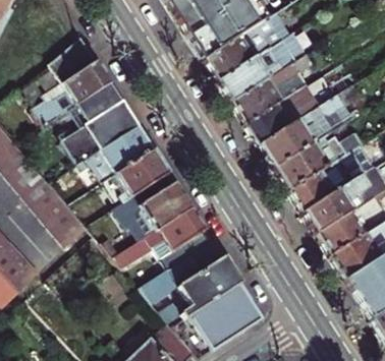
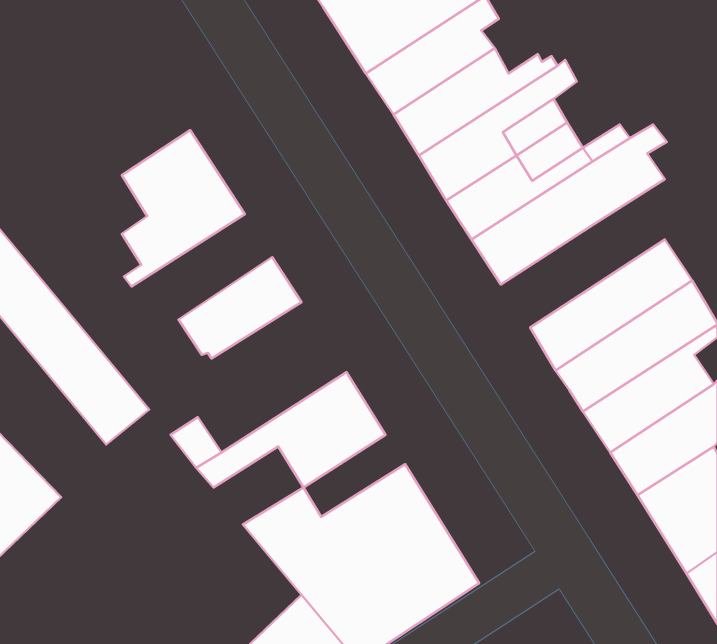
building: [34,37,109,125] -> none
building: [78,126,152,182] -> none
building: [271,128,360,185] -> none
building: [116,182,190,241] -> none

